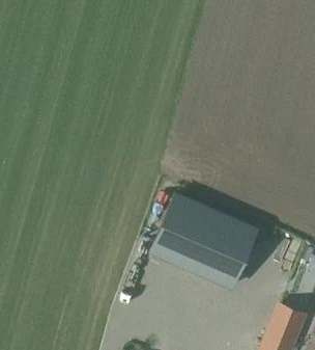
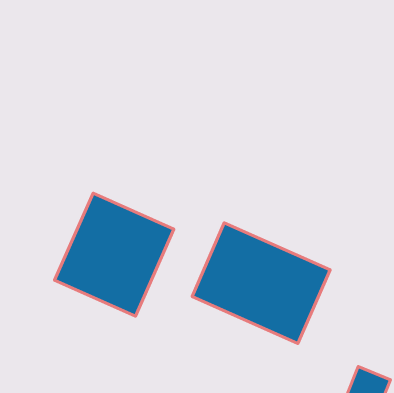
building: none -> [55,193,174,316]

